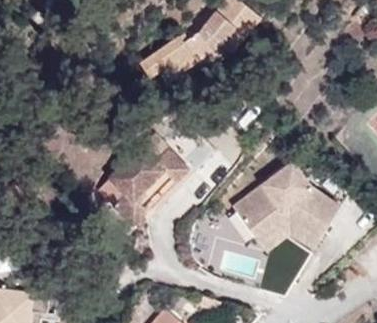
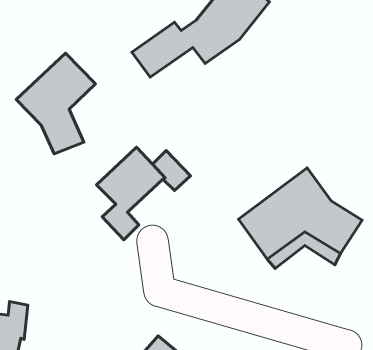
building: none -> [16,53,96,154]

